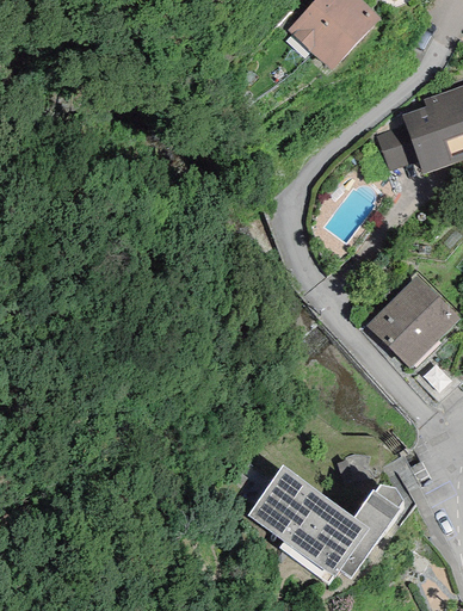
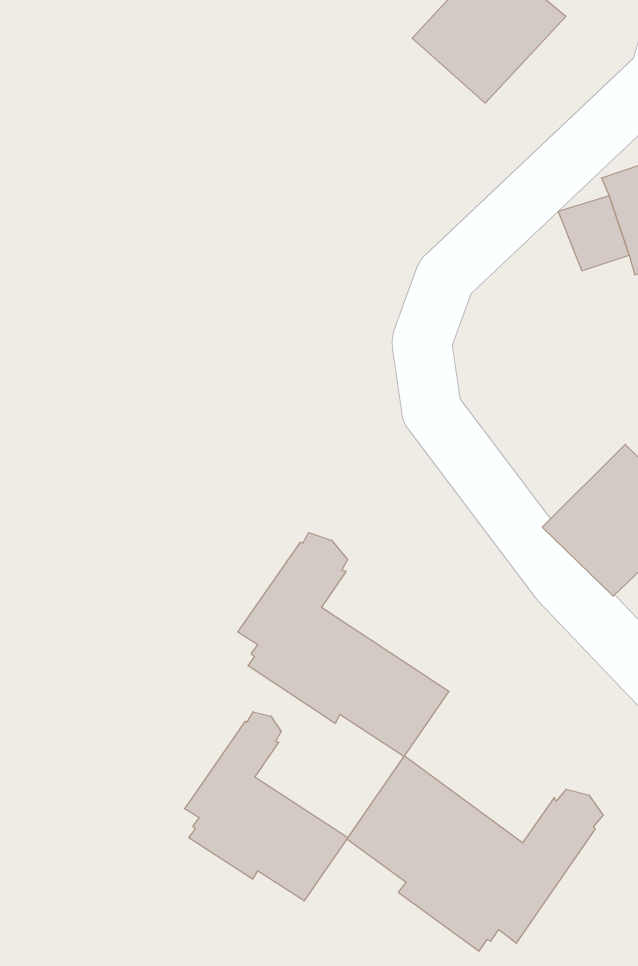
building: none -> [238,533,449,757]
building: none -> [185,712,348,901]

